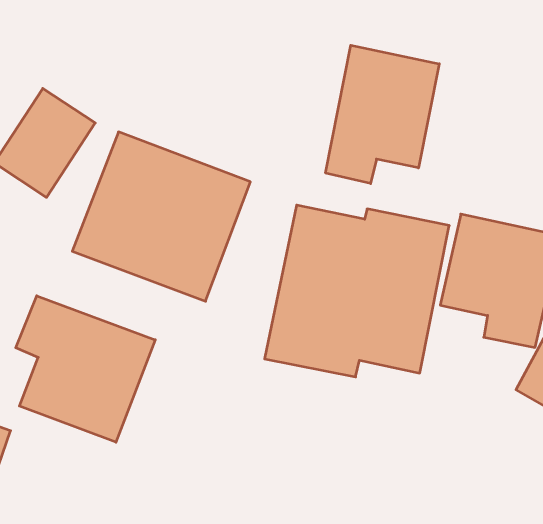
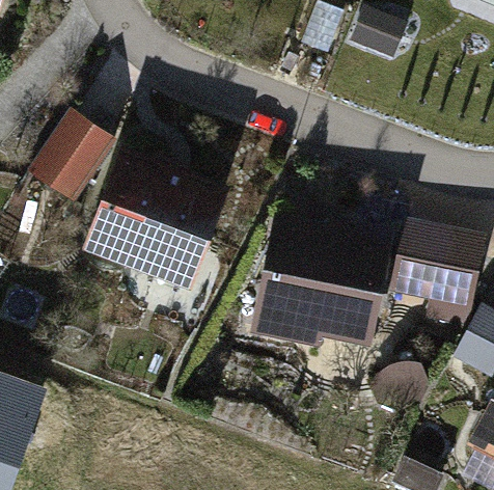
building: [326,45,439,184] -> none
building: [16,296,155,442] -> none

